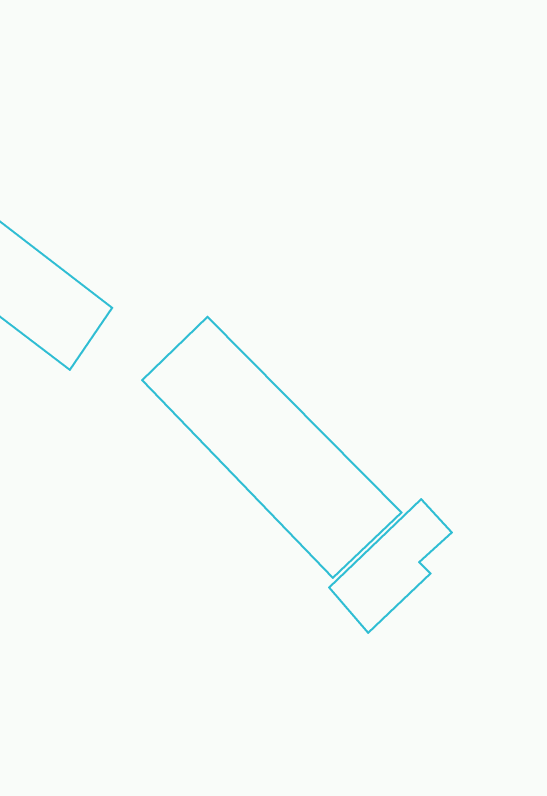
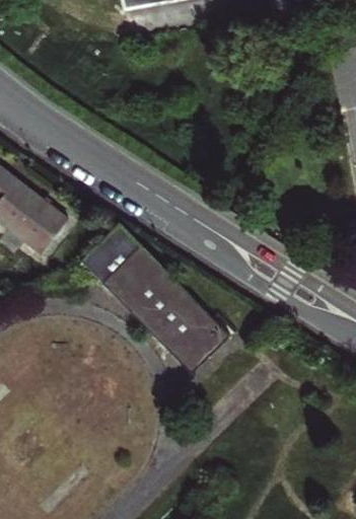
building: [329,499,452,633] -> none

